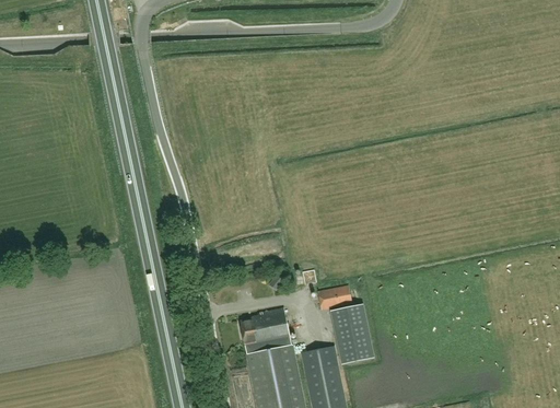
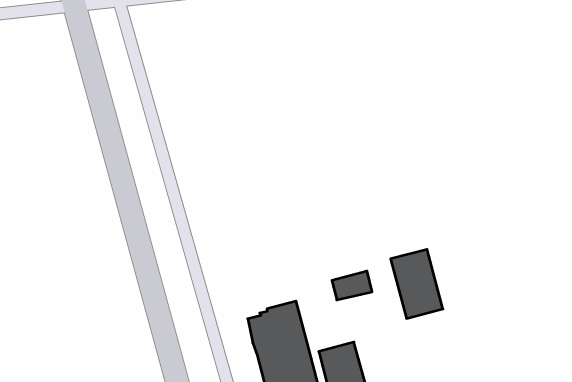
building: [330,304,374,364] -> [391,249,443,318]

